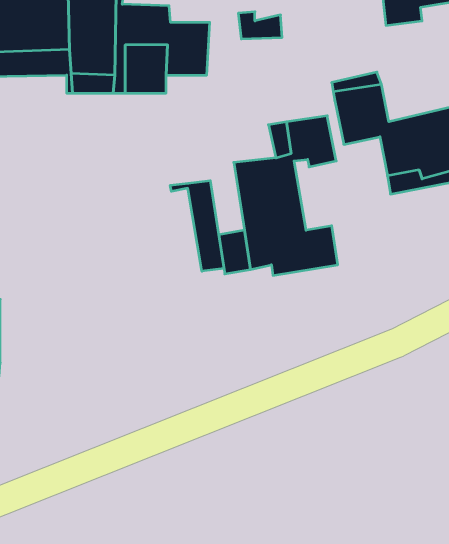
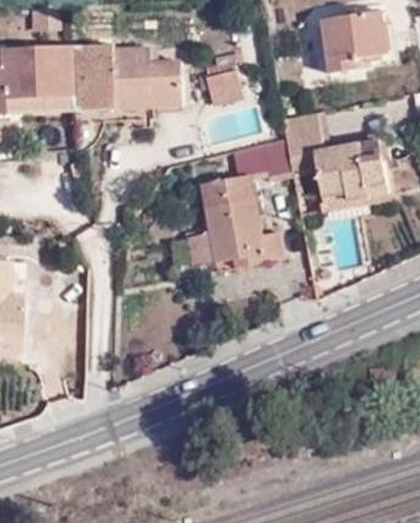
building: [170,181,224,271] -> none

